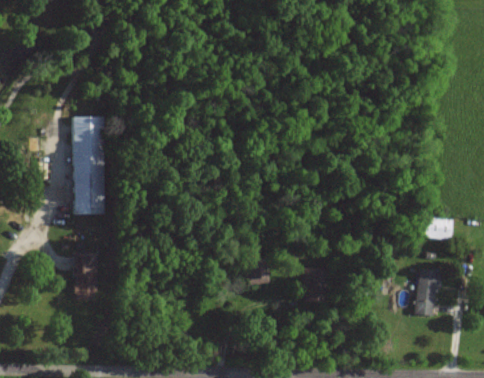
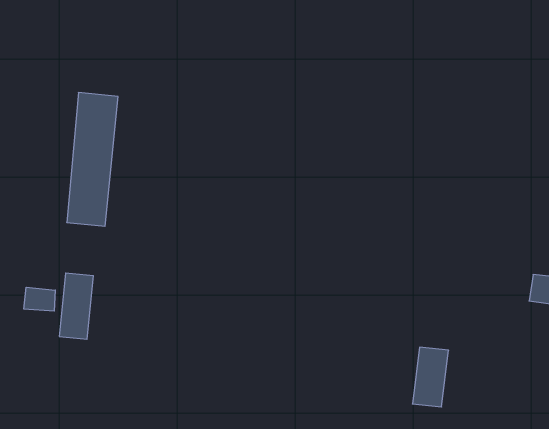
building: none -> [24,287,55,311]
building: [416,271,439,314] -> [412,347,449,407]

